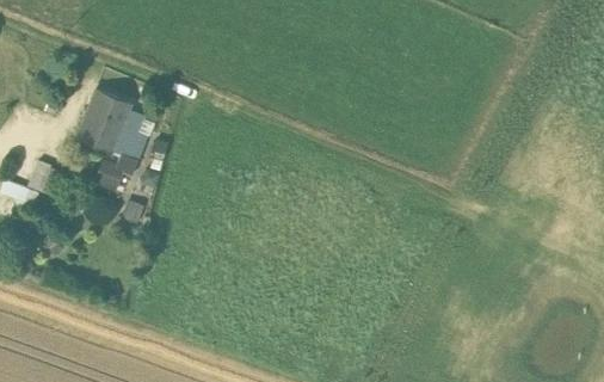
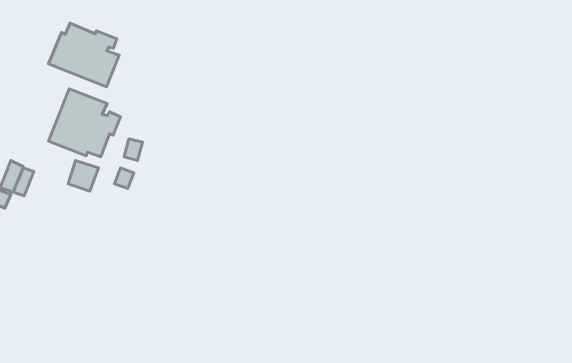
building: none -> [49,23,119,87]

